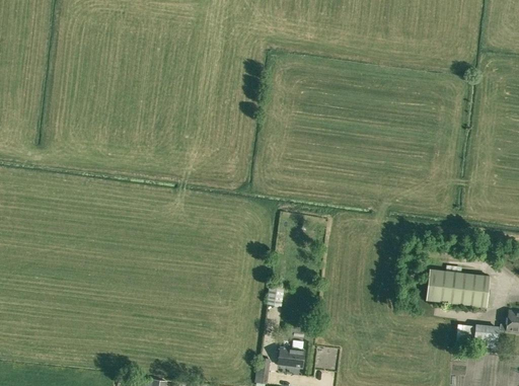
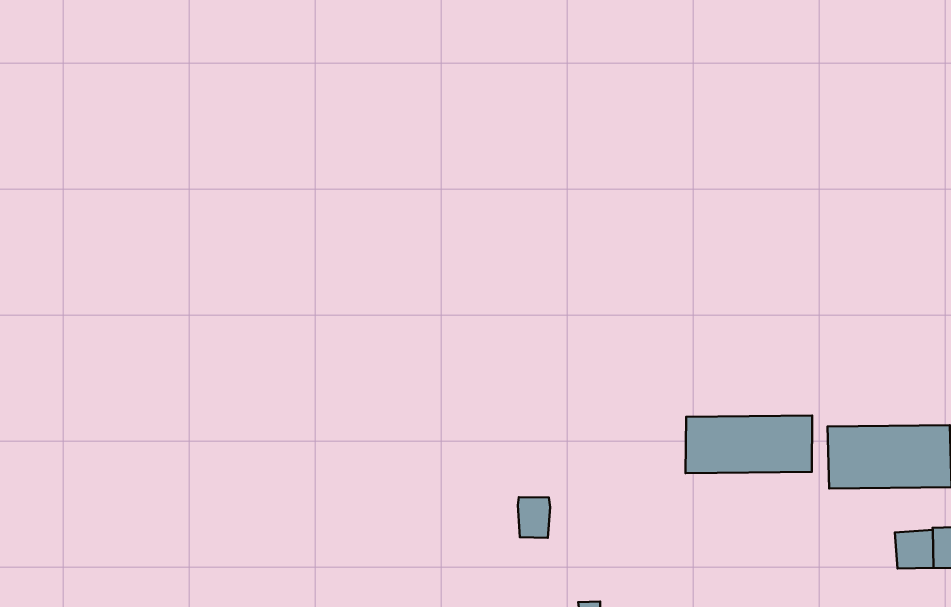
building: none -> [686,416,812,473]

